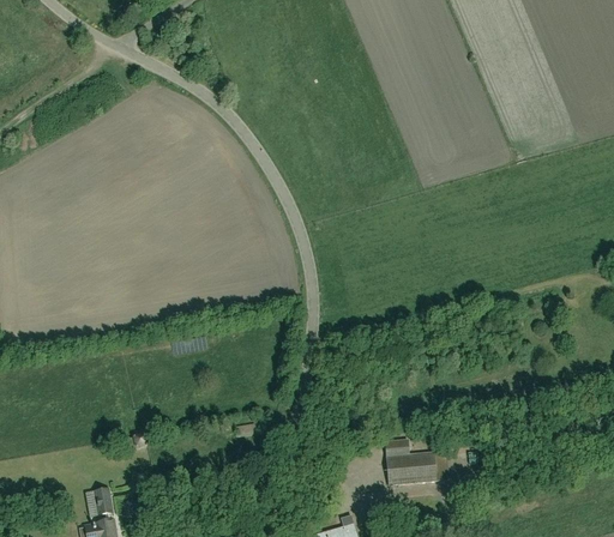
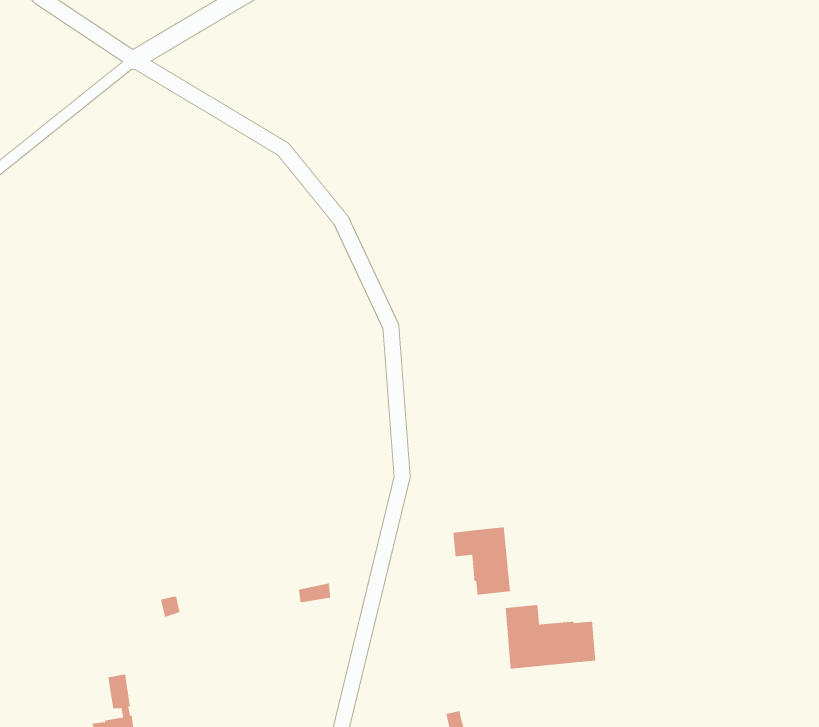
building: none -> [453,526,511,596]

